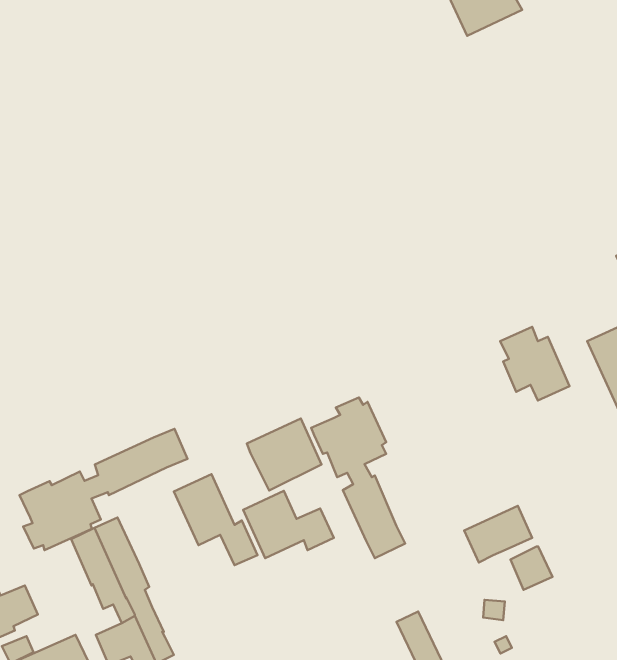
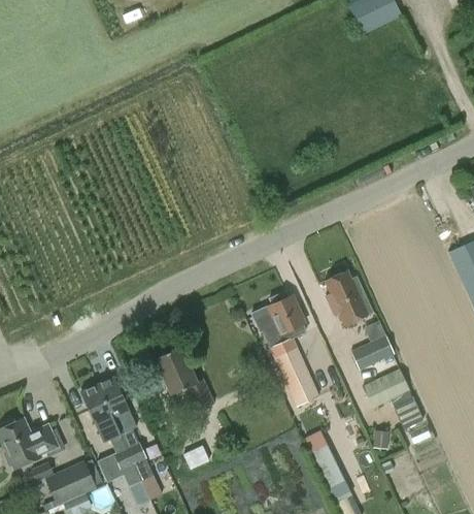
building: [500,327,570,401] -> [324,269,373,322]
building: [247,419,322,491] -> none
building: [20,429,187,550] -> none
building: none -> [349,334,398,378]
building: [243,491,334,558] -> none

